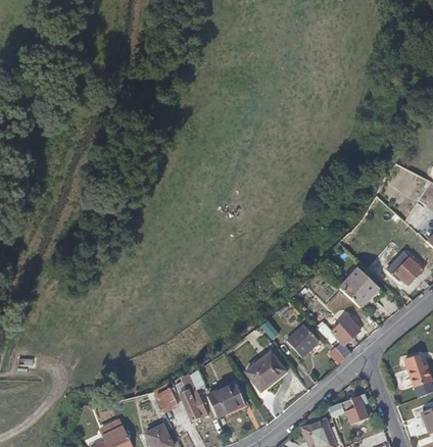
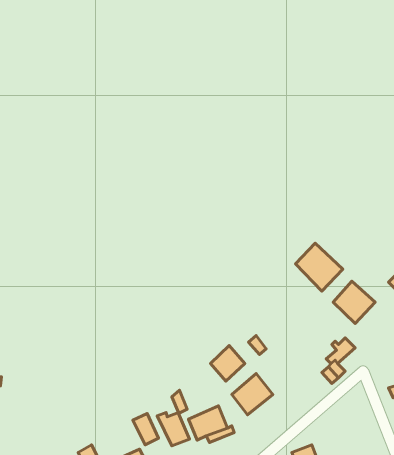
building: none -> [296,243,343,291]
building: [287,325,319,357] -> [210,346,245,381]
building: [340,393,369,425] -> none

